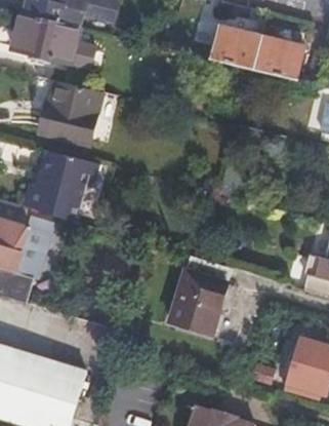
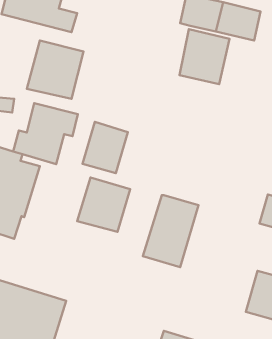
building: none -> [179,29,229,84]
building: none -> [83,122,128,173]
building: none -> [77,177,130,232]

